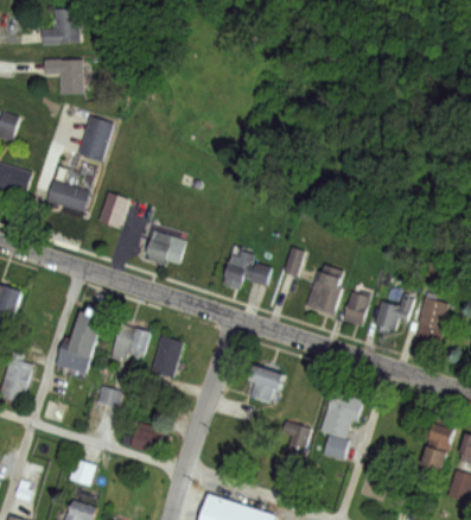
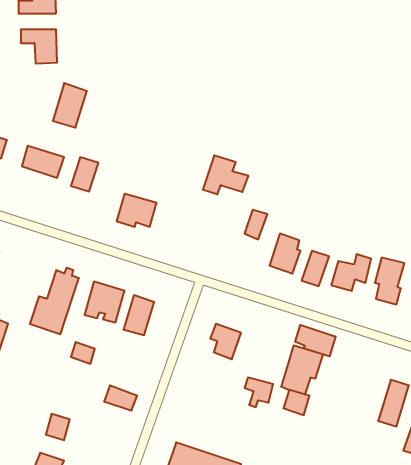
building: [221,246,268,286] -> [203,155,248,194]
building: none -> [295,325,336,356]

